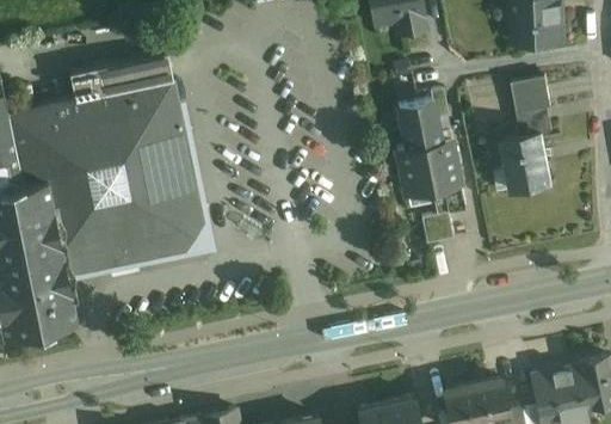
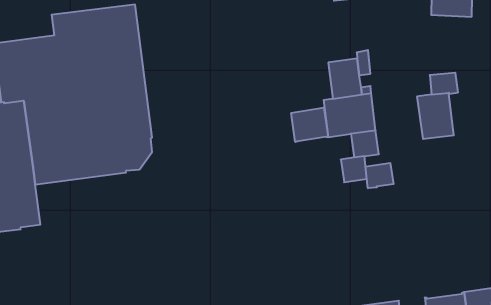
building: [512,76,551,113] -> none
building: none -> [291,107,328,142]
building: none -> [366,163,394,188]

